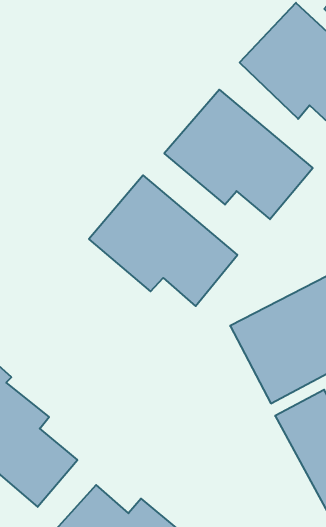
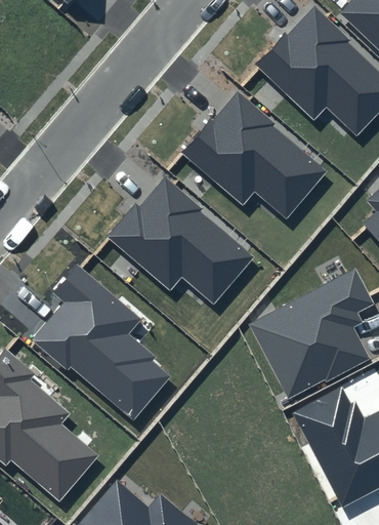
building: none -> [33,264,173,421]

